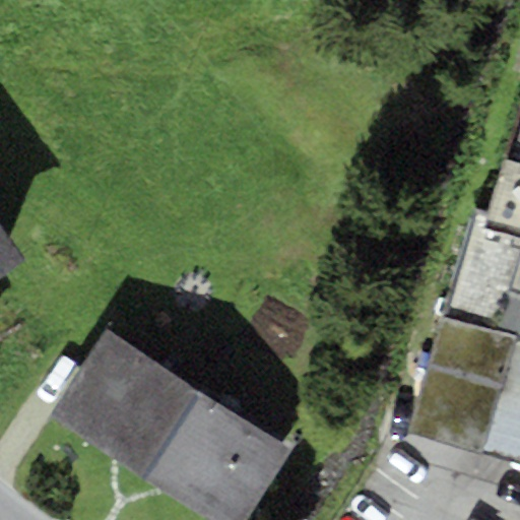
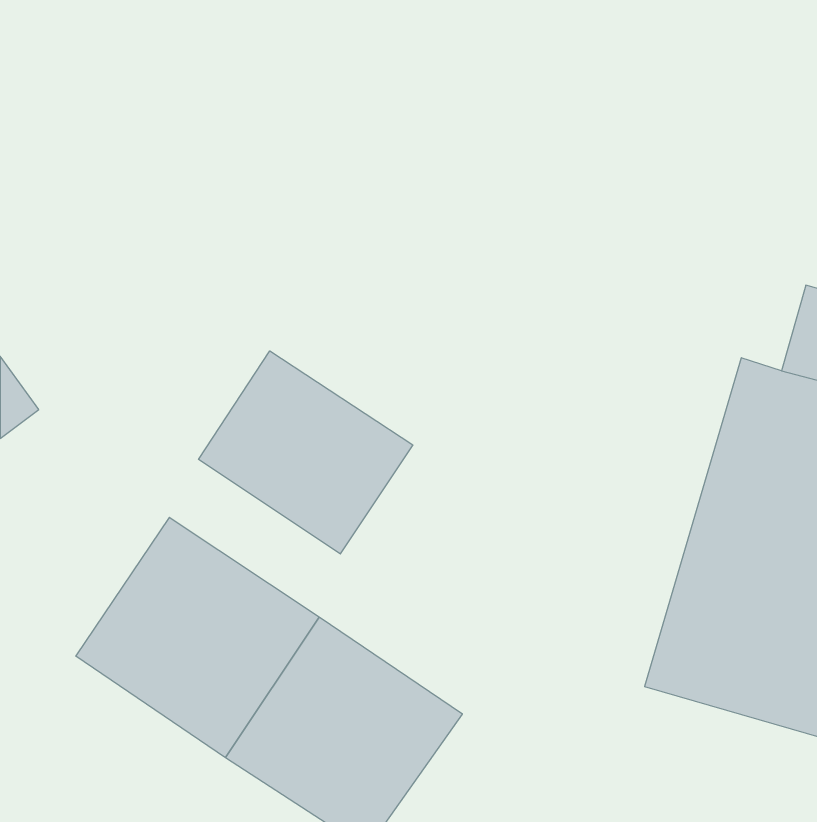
building: none -> [199,351,413,554]

